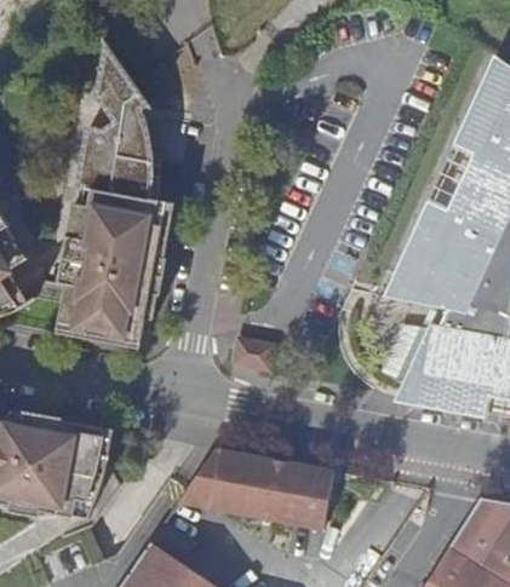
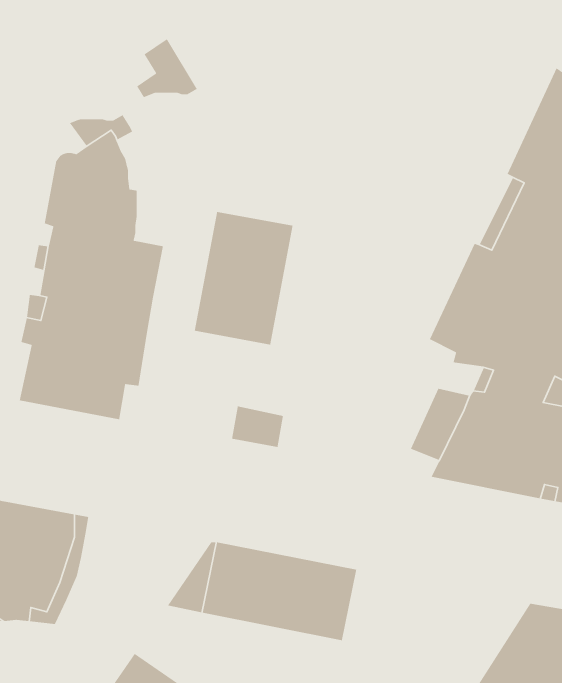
building: [90,54,141,104] -> [136,38,198,98]
building: none -> [194,211,293,345]

